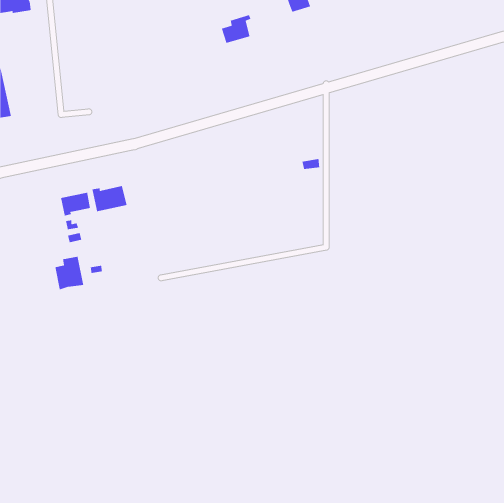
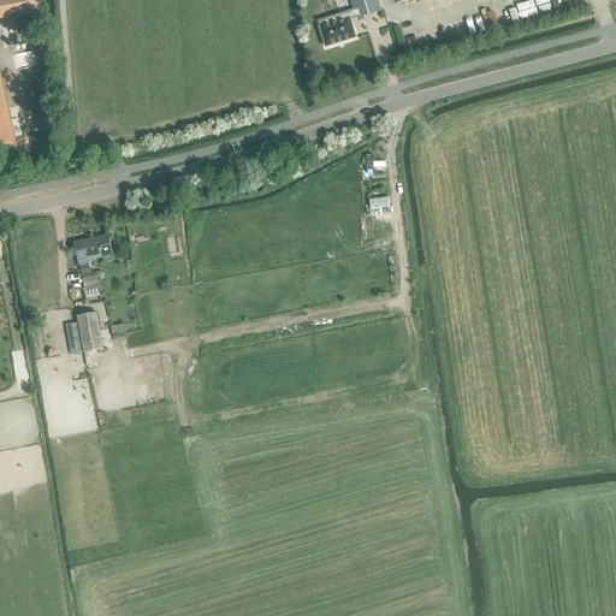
building: [221,14,252,44] -> [318,8,355,45]
building: [91,185,128,212] -> none

